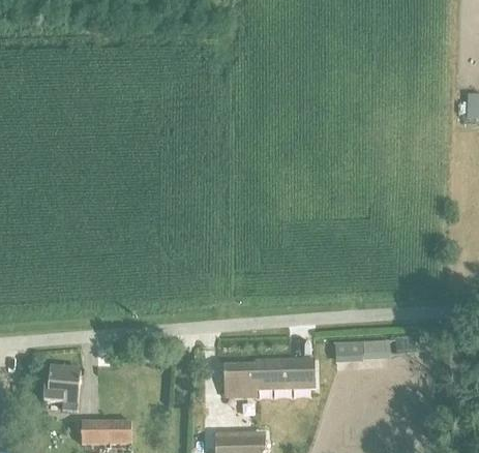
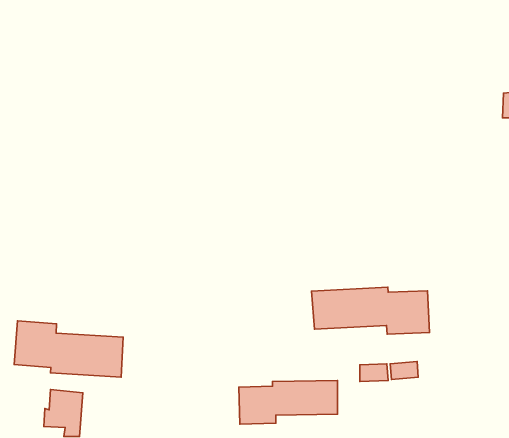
building: none -> [312,287,429,334]
building: none -> [14,321,123,377]

